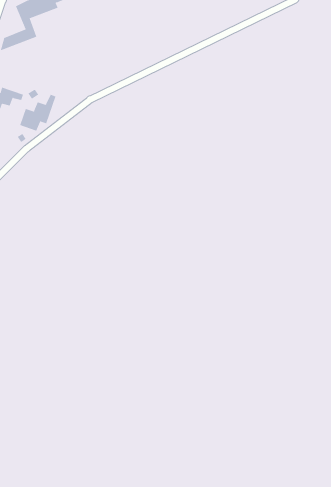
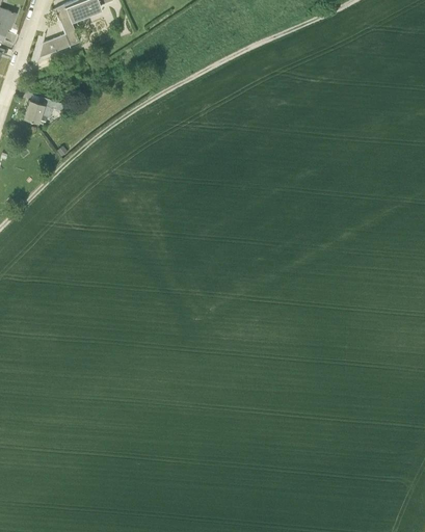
building: [19,94,56,131] -> none

